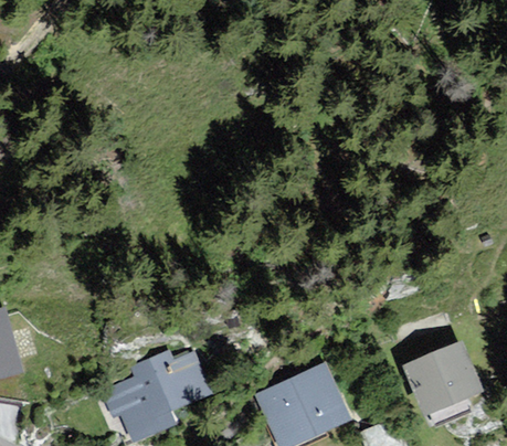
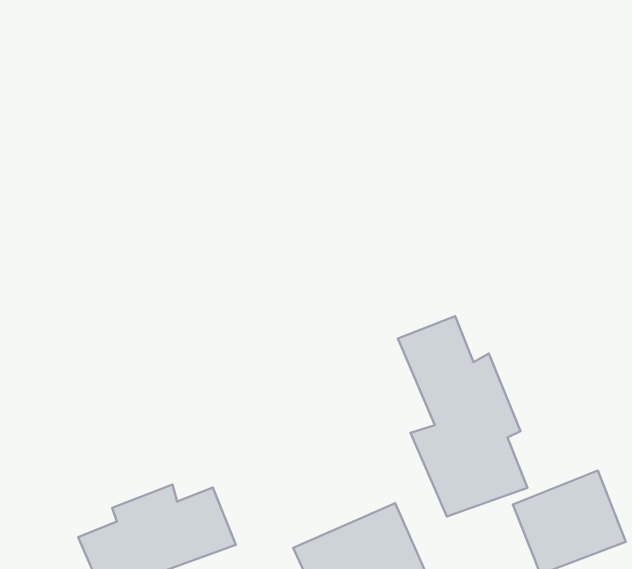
building: none -> [398,316,527,517]

